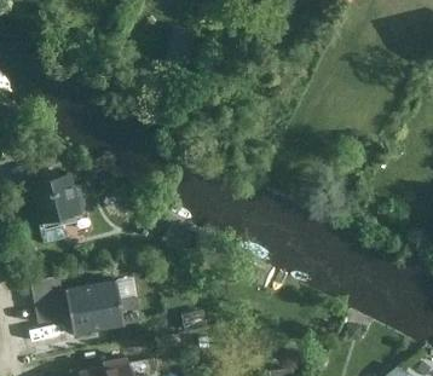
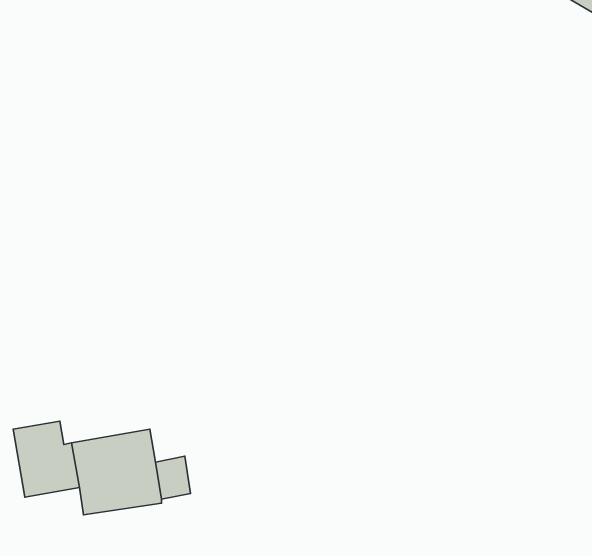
building: [29,174,74,229] -> none

